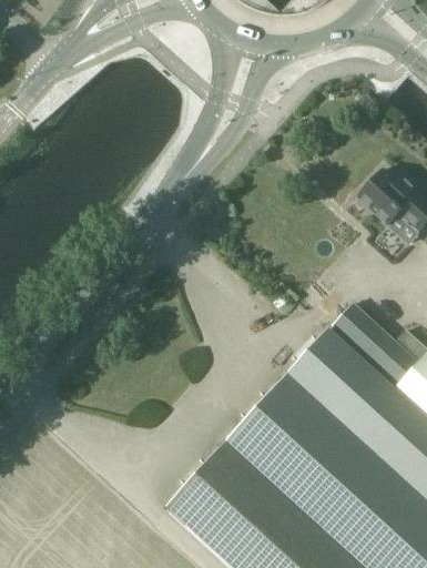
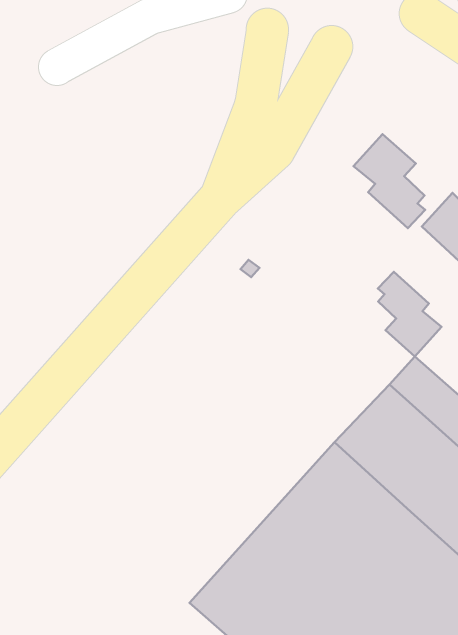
building: none -> [354,134,425,228]
building: none -> [378,272,442,356]

